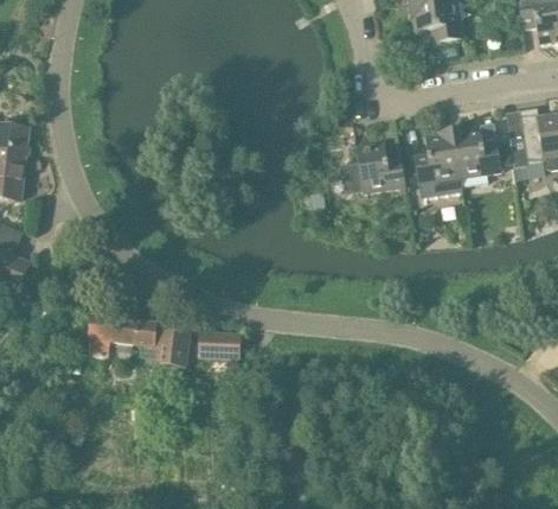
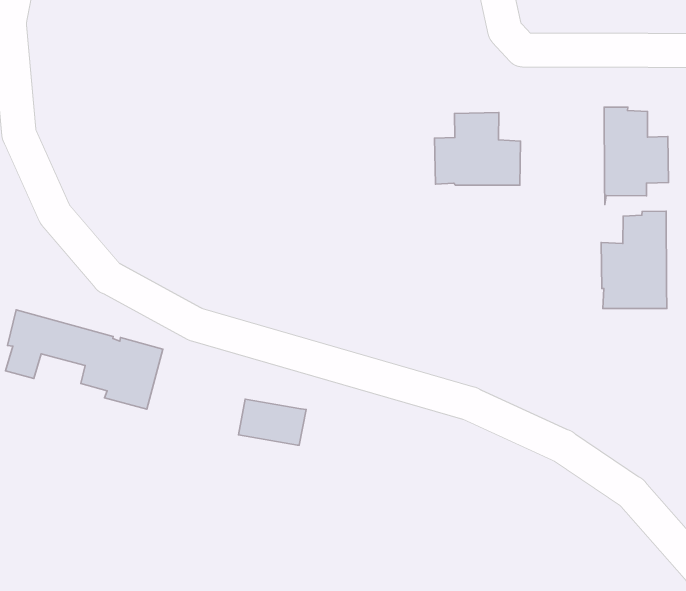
building: [412,129,461,198] -> [601,211,667,309]
building: [198,332,239,357] -> [238,399,306,445]

